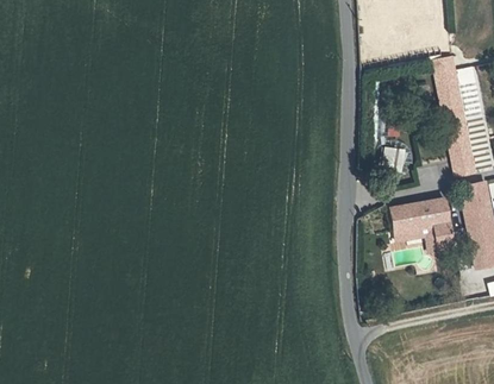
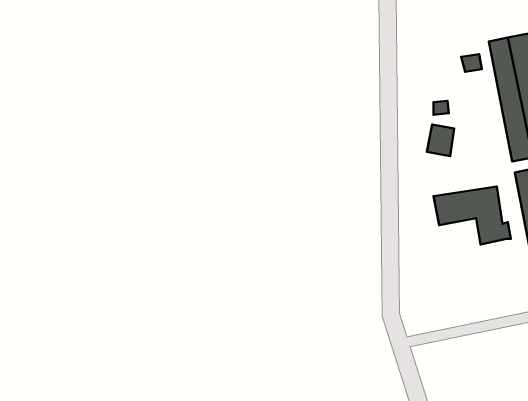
building: [395,225,454,251] -> none

